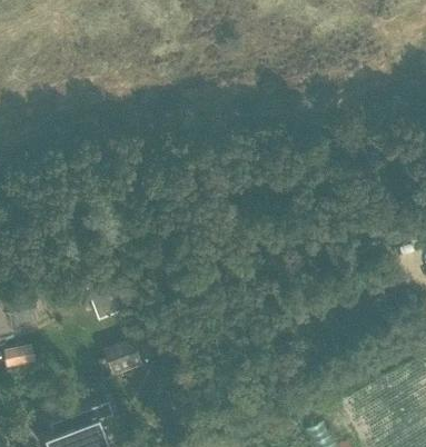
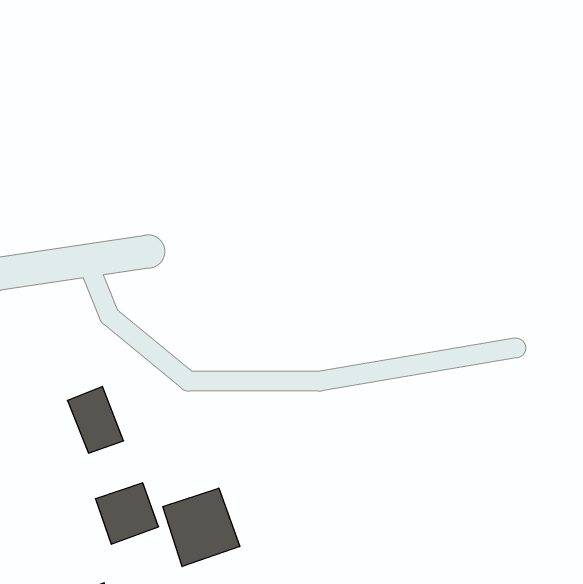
building: none -> [163,488,240,567]

